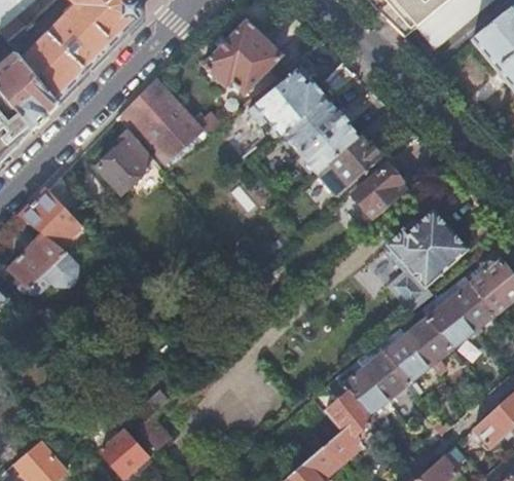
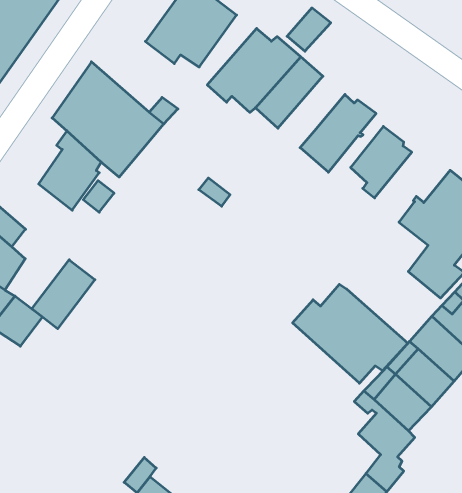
building: [300,117,359,172] -> none
building: none -> [32,260,95,329]
building: none -> [293,284,408,383]

